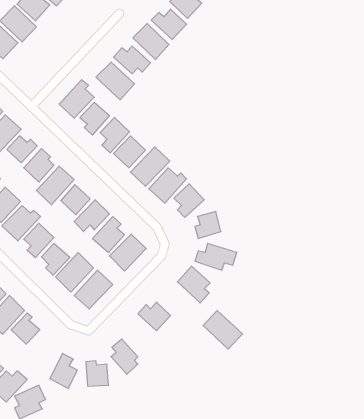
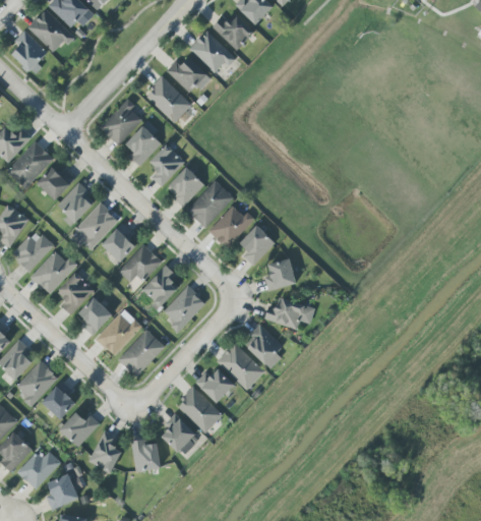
building: [203,310,243,349] -> [217,343,264,390]
building: none -> [176,388,222,432]
building: none -> [59,412,100,448]

